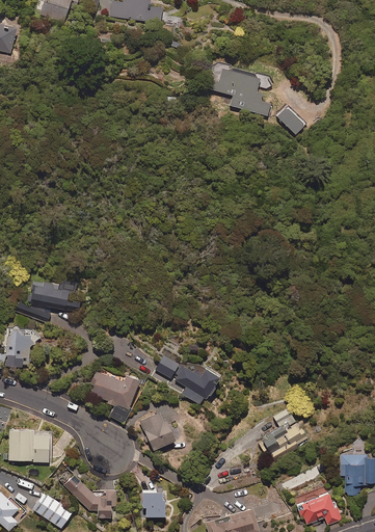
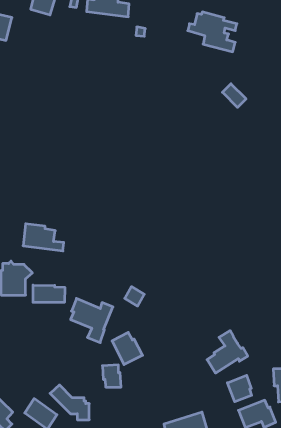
building: [209,66,269,115] -> [188,12,237,52]
building: none -> [33,285,65,302]
building: [175,365,219,405] -> none
building: [7,429,51,461] -> none
building: none -> [227,375,252,402]
building: [142,488,165,515] -> [102,365,121,387]

